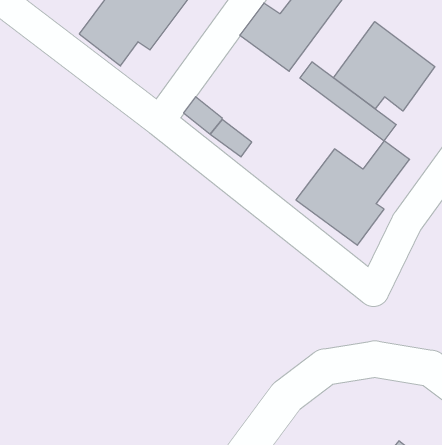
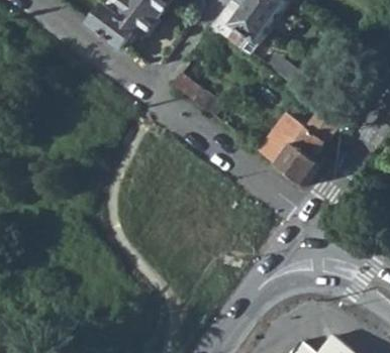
building: [333,22,435,111] -> none

